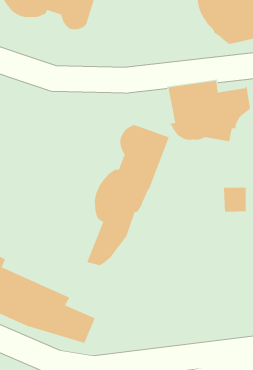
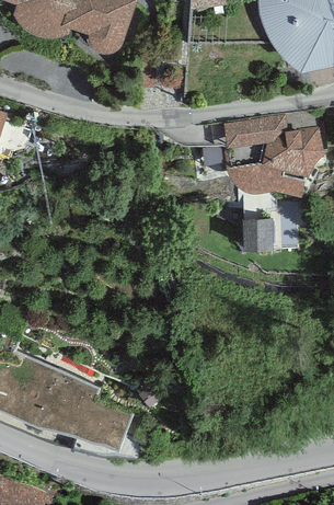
building: [87,124,169,266] -> none
building: [223,187,247,212] -> [242,218,272,250]

